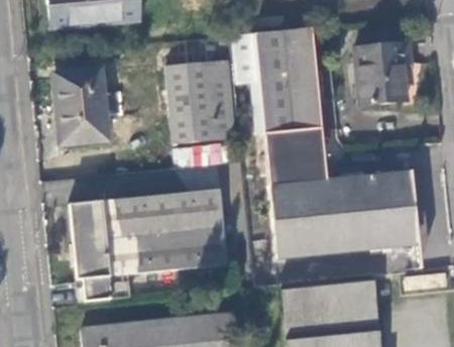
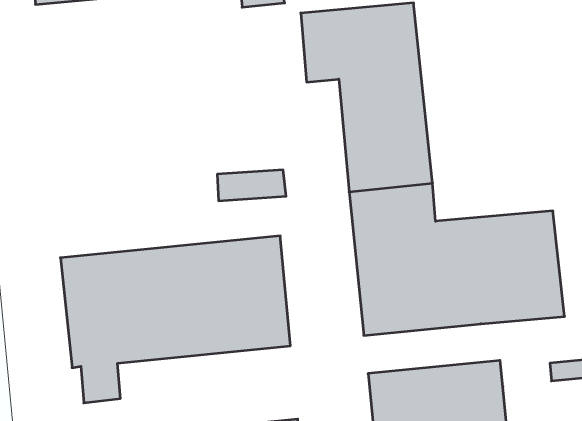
building: [166,41,236,143] -> none
building: [356,43,423,105] -> none
building: [58,74,124,145] -> none

